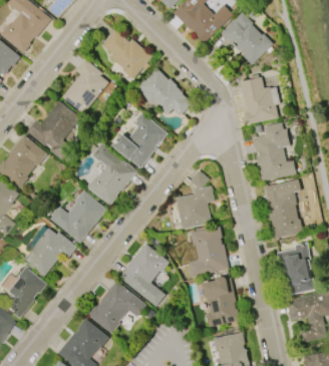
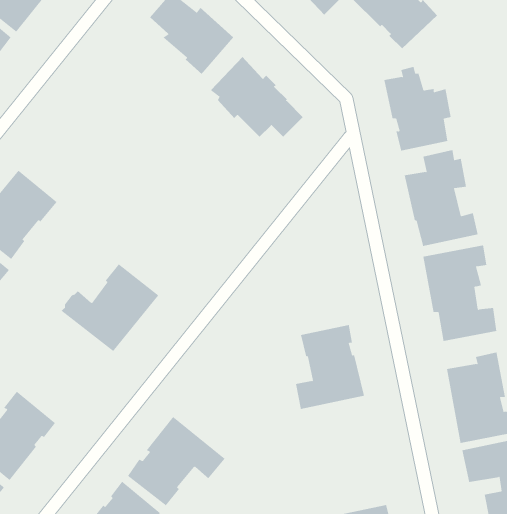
building: [62,58,112,113] -> none
building: [27,100,80,158] -> none
building: [112,112,168,166] -> none
building: [86,142,137,205] -> none
building: [176,186,215,229] -> none
building: [22,228,76,276] -> none
building: [117,242,170,307] -> none
building: [203,276,240,326] -> none

